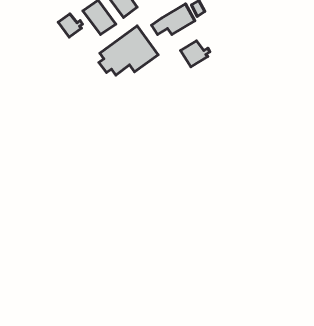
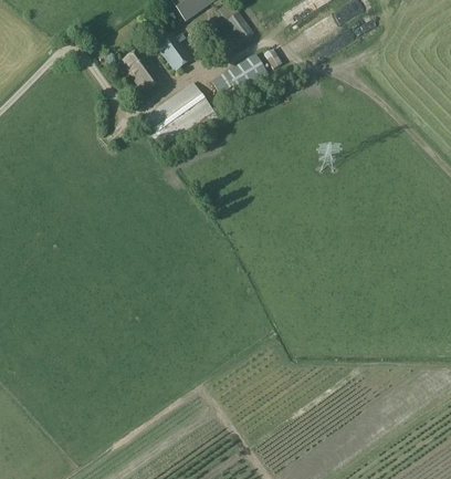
building: [58,14,82,37] -> none
building: [181,41,210,67] -> none

